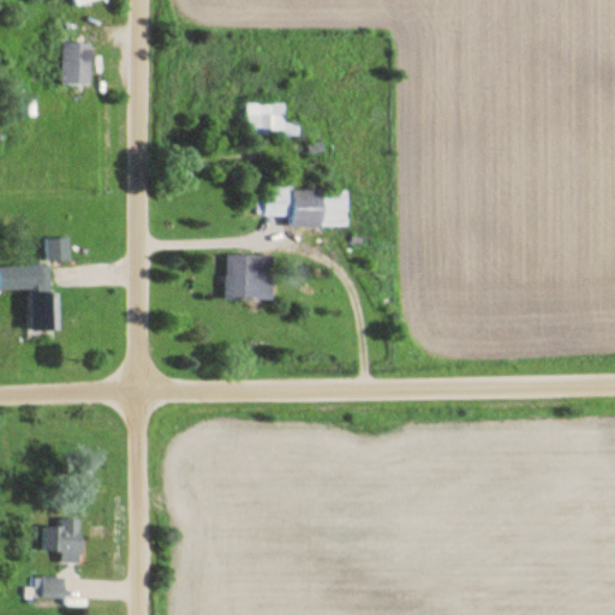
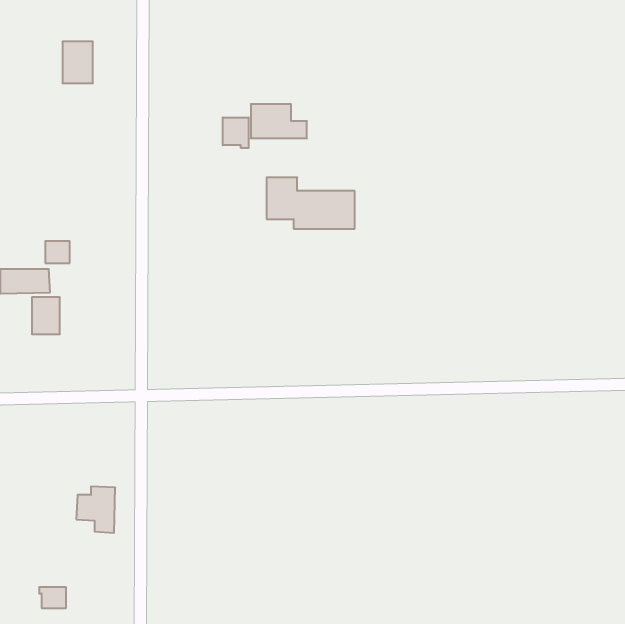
building: none -> [223,117,249,148]
building: [226,253,274,299] -> none
building: [43,518,82,563] -> [76,486,115,533]

